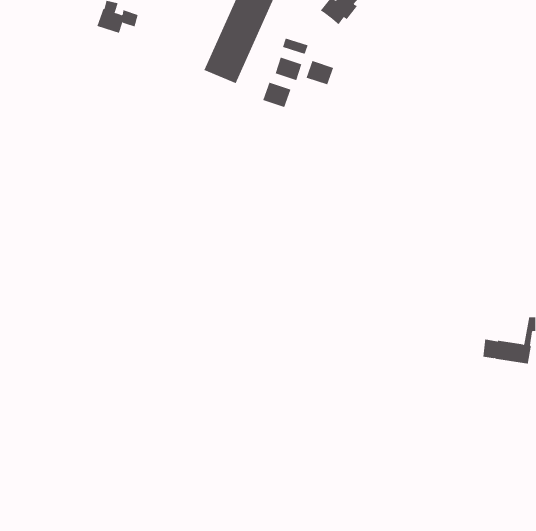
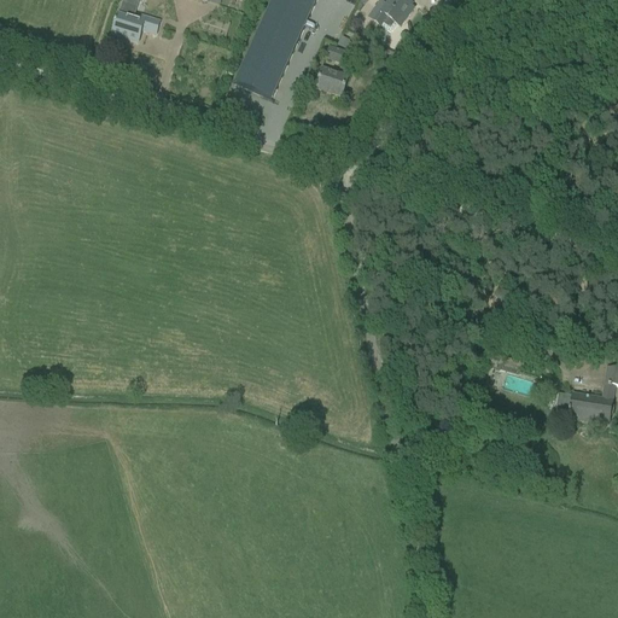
building: [306,60,334,85] -> none
building: [263,82,291,108] -> none

